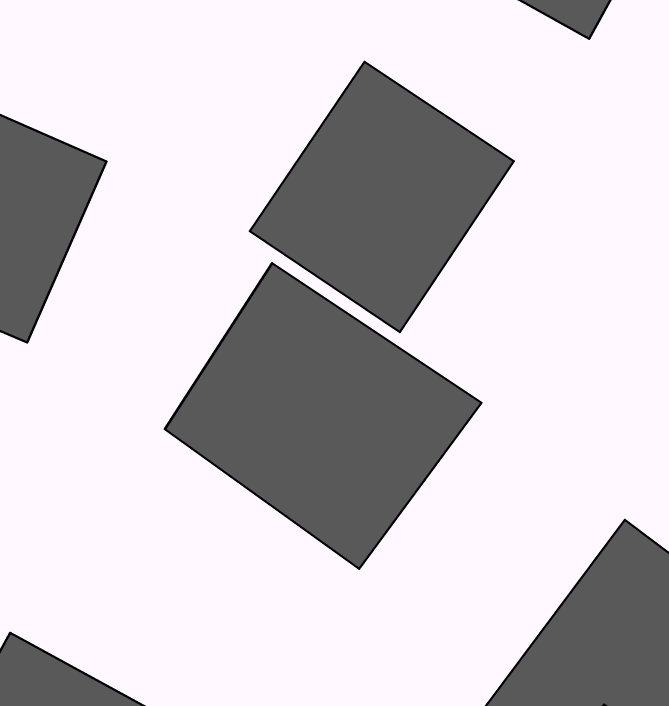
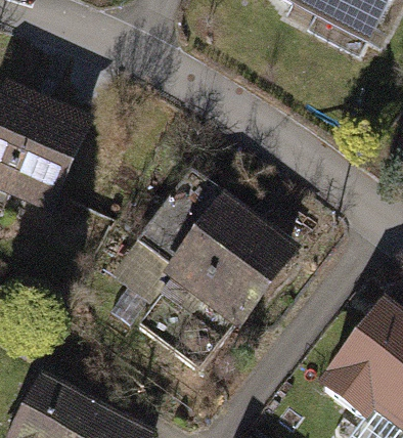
building: [250,62,514,332] -> none

